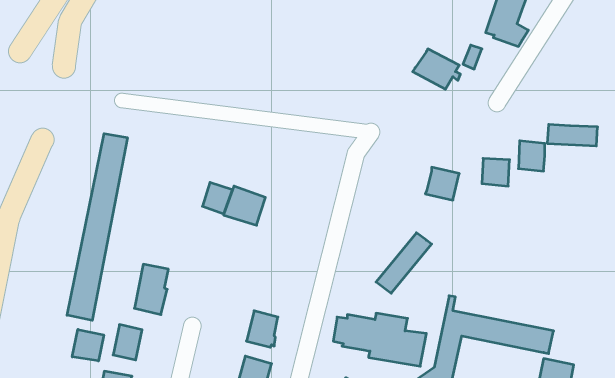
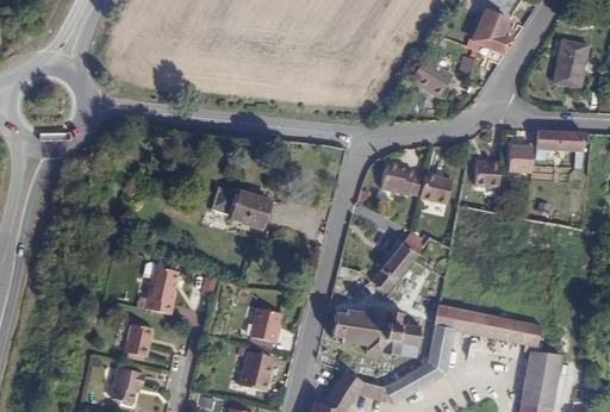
building: none -> [553,44,590,94]
building: [67,134,127,320] -> none
building: none -> [380,160,425,194]
building: [72,329,104,361] -> none

